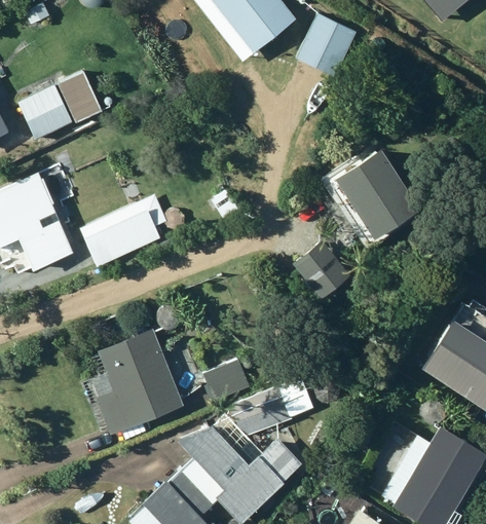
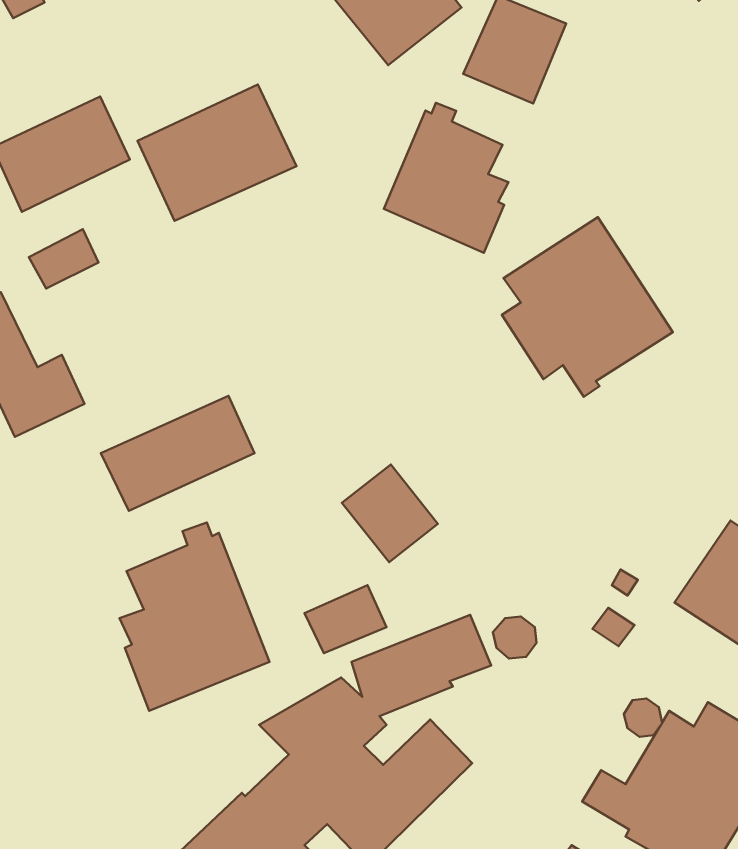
building: none -> [137,84,296,221]
building: none -> [384,103,508,253]
building: [79,194,170,262] -> [101,396,255,511]
building: [294,241,350,299] -> [342,464,438,562]

